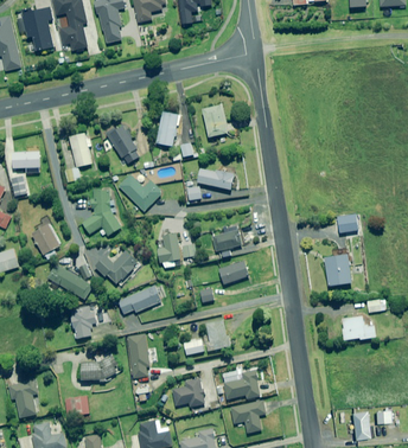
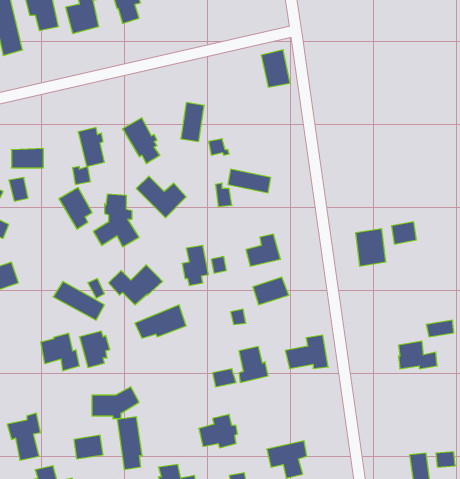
building: [203,104,228,136] -> [261,50,290,87]
building: [31,224,59,260] -> [59,188,92,229]
building: [325,254,351,286] -> [355,229,386,266]
building: none -> [41,333,79,371]
building: [127,333,148,378] -> [117,417,142,470]
building: [223,370,260,398] -> [285,335,328,368]

